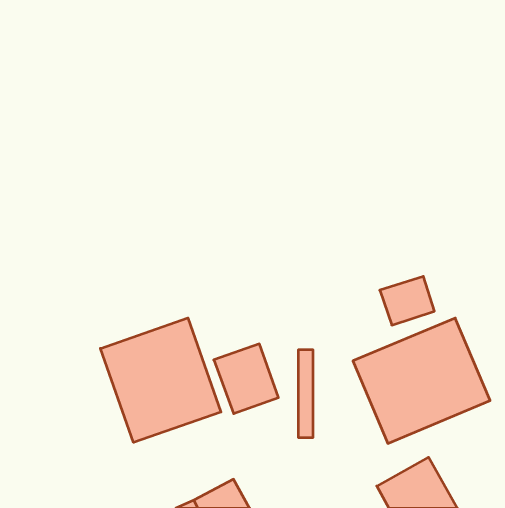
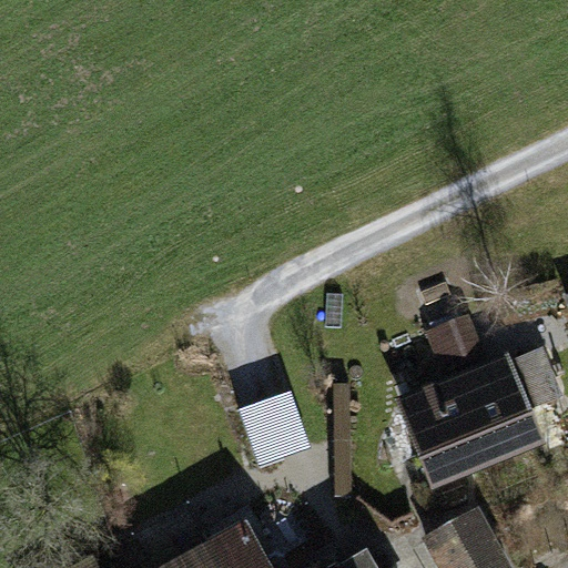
building: [100,318,221,442] -> none

